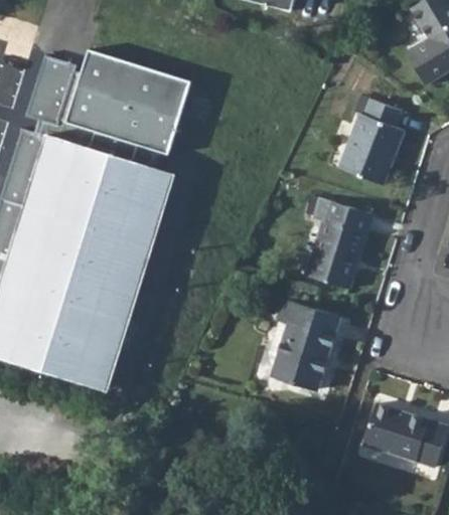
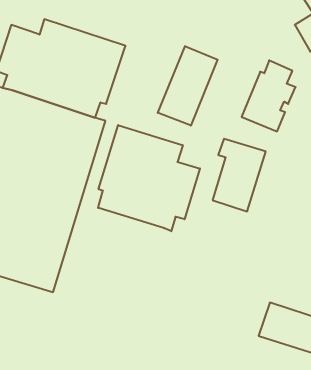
building: none -> [158,46,218,126]
building: none -> [98,125,200,231]
building: [267,301,337,390] -> none

